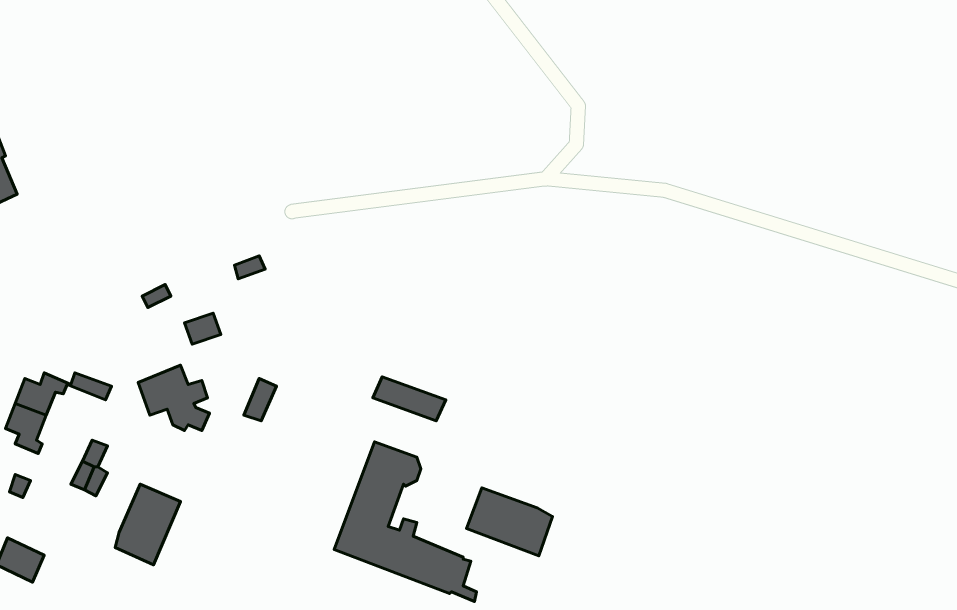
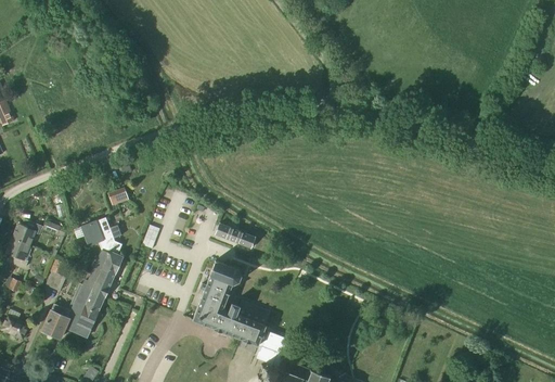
building: none -> [83,251,124,294]
building: [467,488,553,556] -> none
building: none -> [42,304,72,339]

